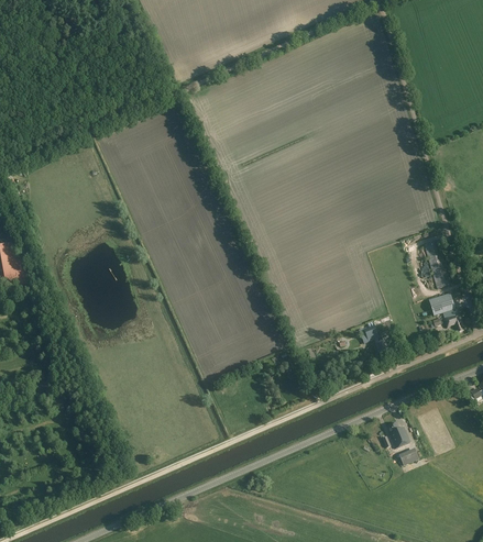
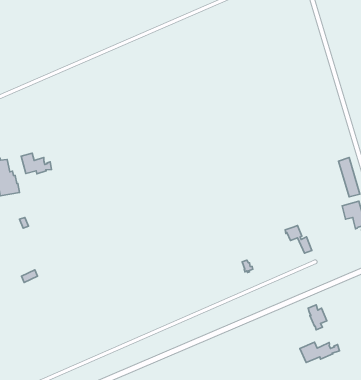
building: none -> [21,153,52,174]
building: none -> [300,342,340,363]

